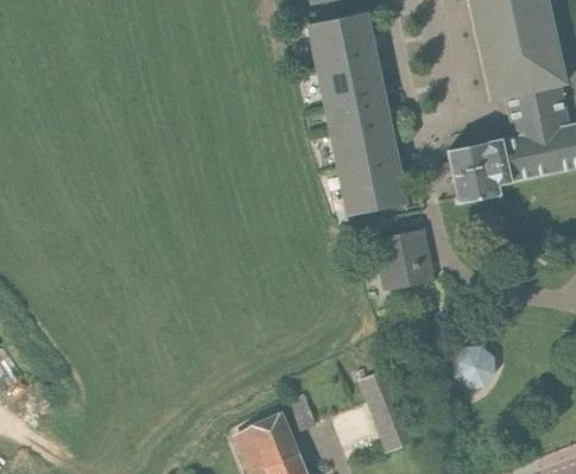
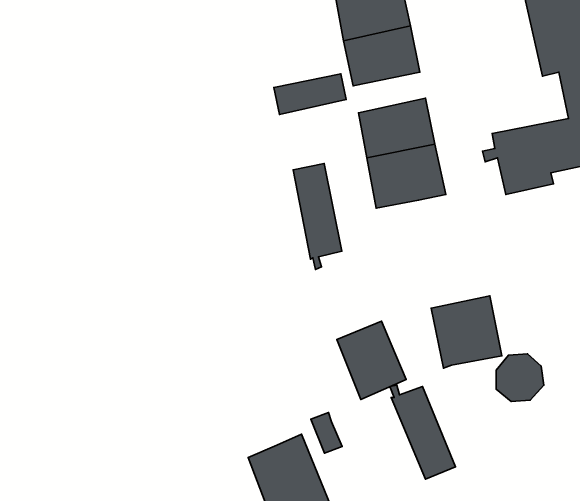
building: [327,96,390,132] -> [274,74,346,115]
building: none -> [293,164,342,269]
building: [374,228,436,291] -> [431,296,502,368]
building: none -> [337,321,406,400]

